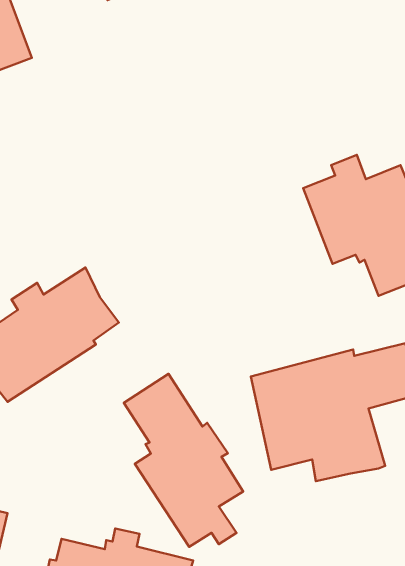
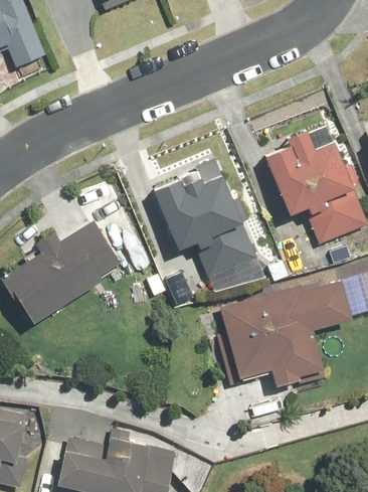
building: none -> [149,171,261,277]
building: [124,374,243,547] -> none

